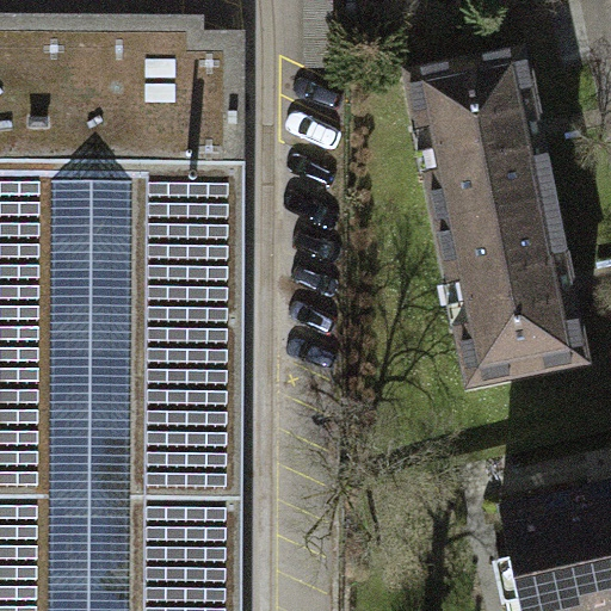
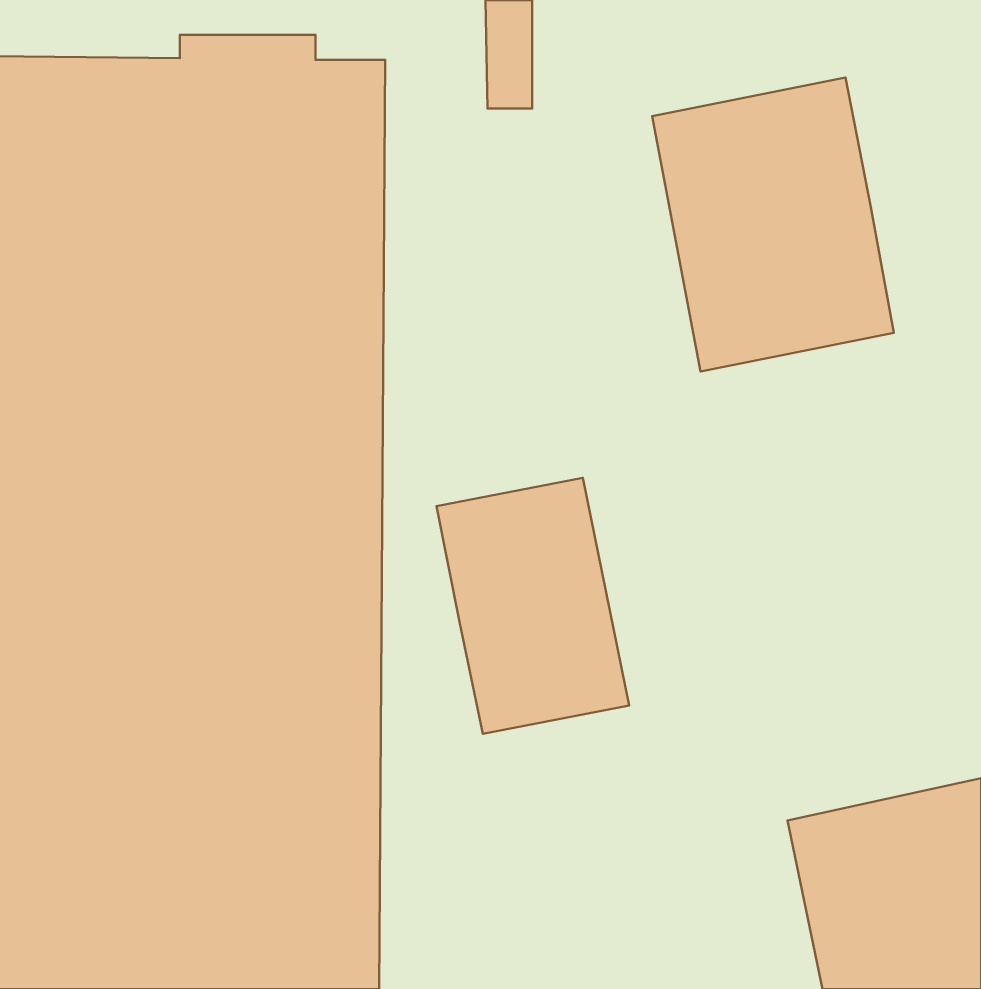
building: [432,205,584,387] -> none
building: none -> [437,478,629,734]

